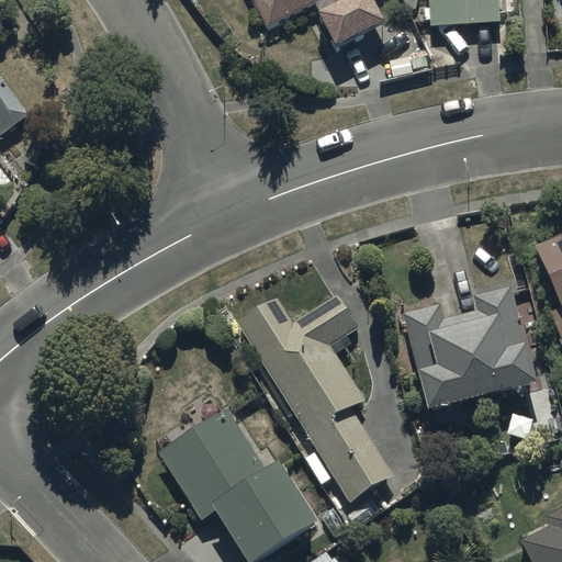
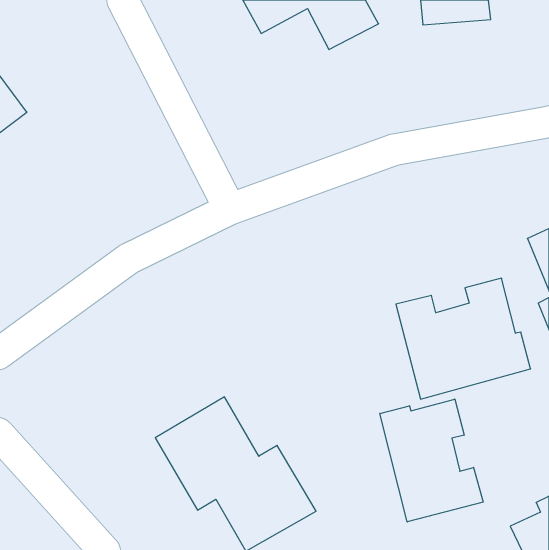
building: [238,293,393,502] -> none
building: none -> [380,399,483,522]

